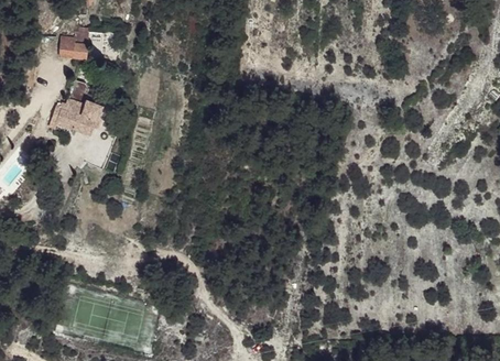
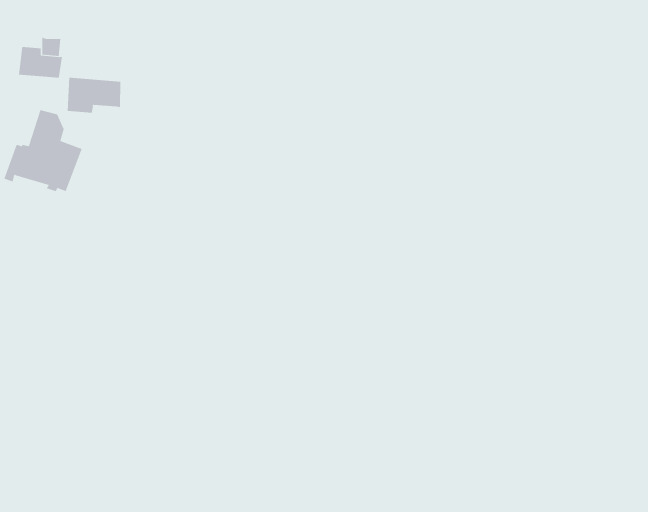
building: none -> [67,77,121,113]

